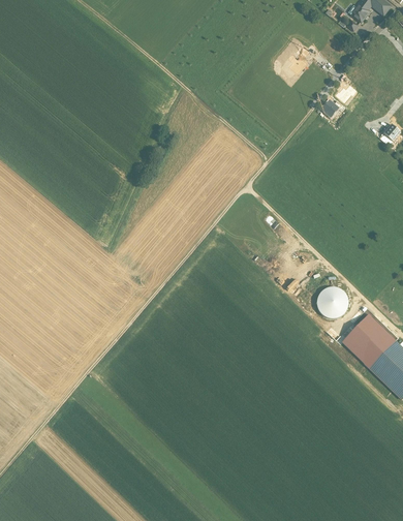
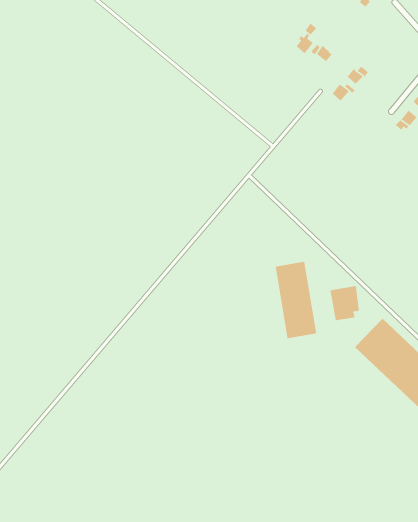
building: none -> [275,261,317,339]

